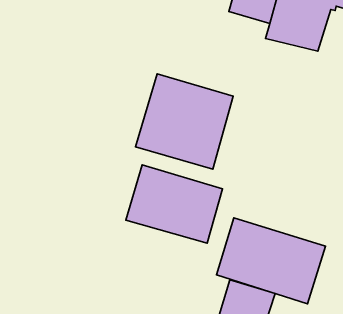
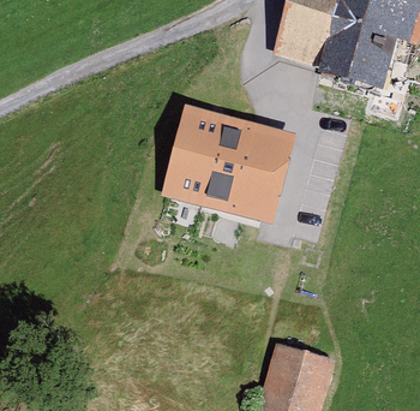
building: [126,165,223,243] -> none
building: [216,218,326,304] -> none

